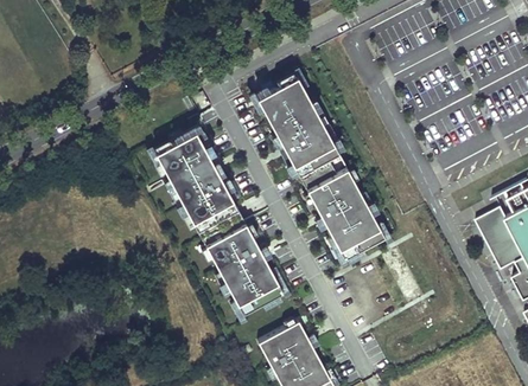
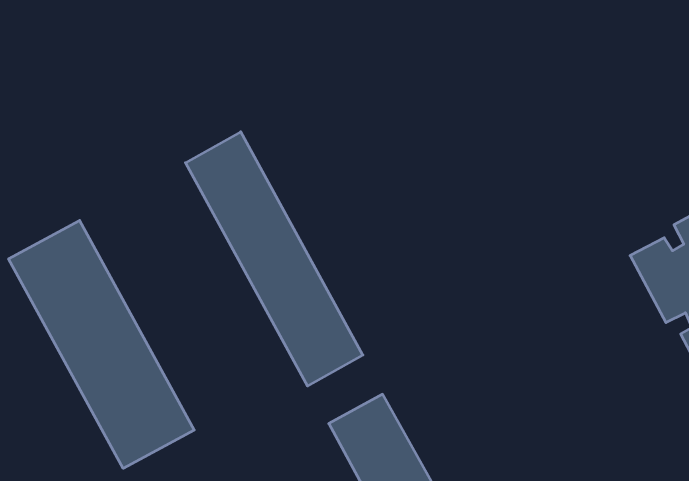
building: [255,73,383,258] -> none
building: none -> [9,220,194,468]

